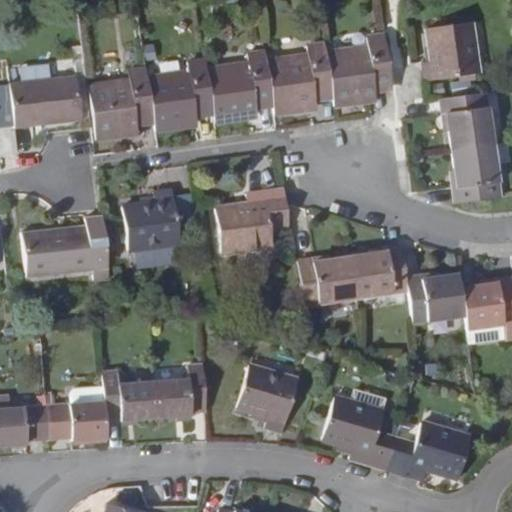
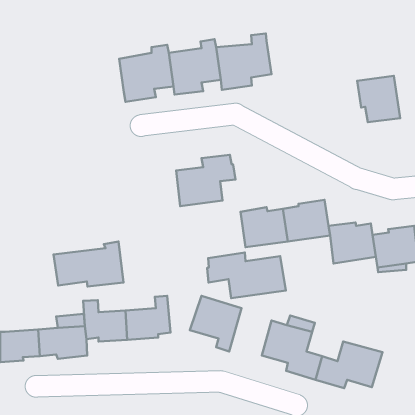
building: [422,23,478,82] -> none
building: [329,36,393,104] -> none
building: [92,65,154,133] -> none
building: [11,82,83,130] -> none
building: [450,147,501,205] -> none
building: [124,192,182,252] -> none
building: [26,220,112,275] -> [53,242,123,286]
building: none -> [207,253,286,298]

